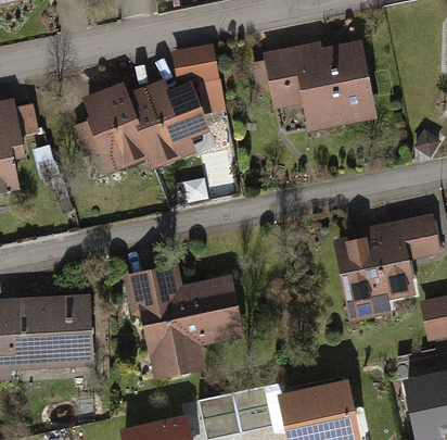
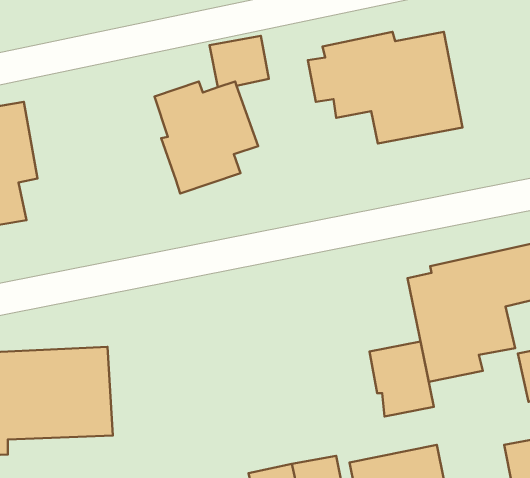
building: [79,83,144,174] -> none
building: [123,265,244,380] -> none
building: none -> [370,341,434,416]

